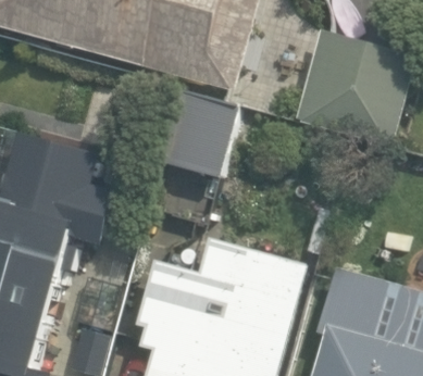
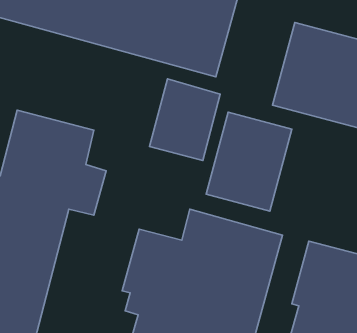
building: none -> [206,112,292,211]

